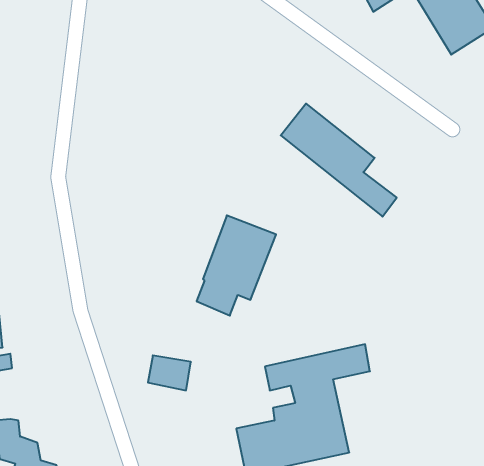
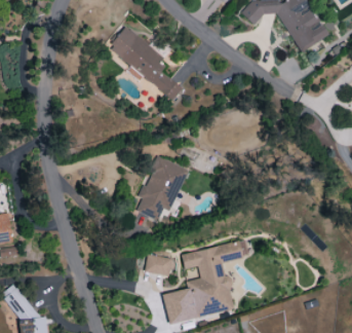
building: [281,104,397,217] -> [108,27,183,100]
building: [148,355,191,390] -> [145,254,172,276]

